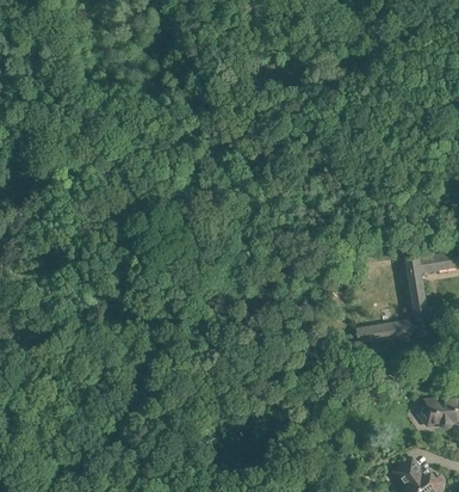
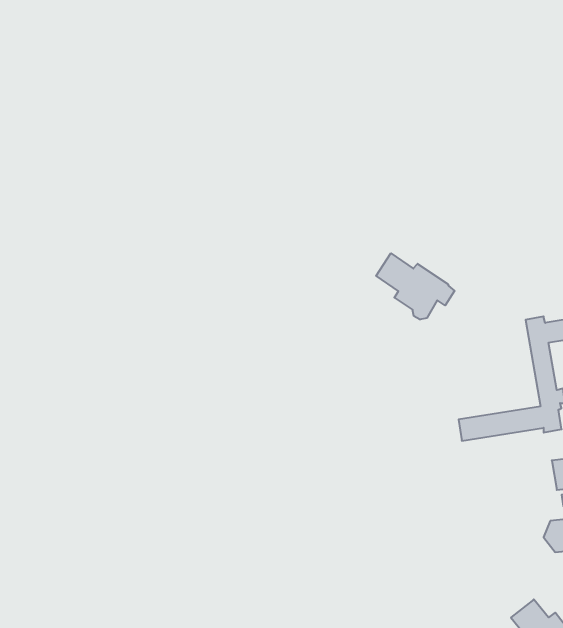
building: none -> [376,253,455,320]

